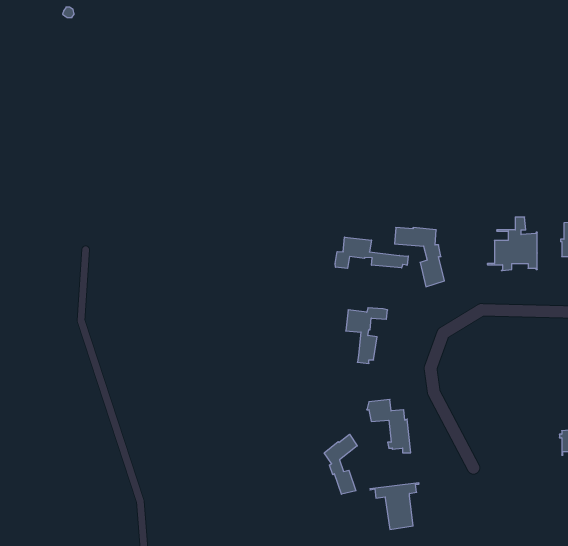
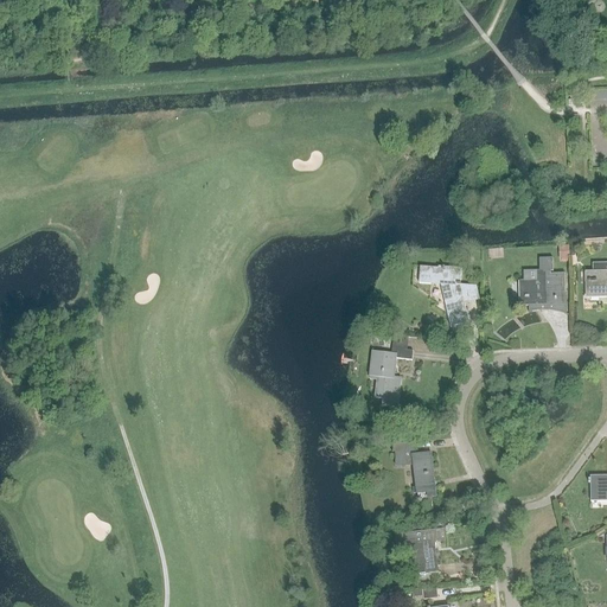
building: [335,237,408,268] -> none
building: [324,434,357,494] -> none

